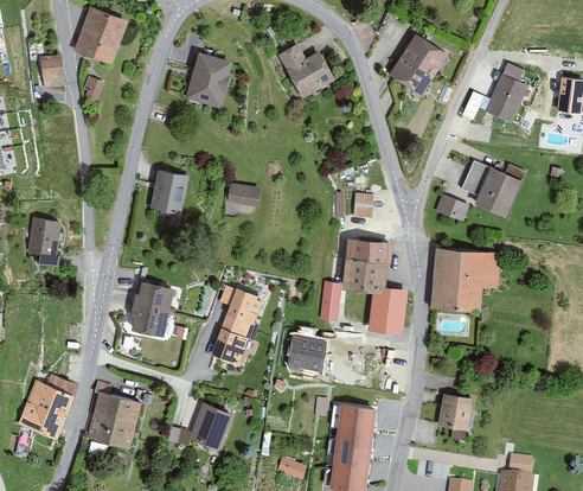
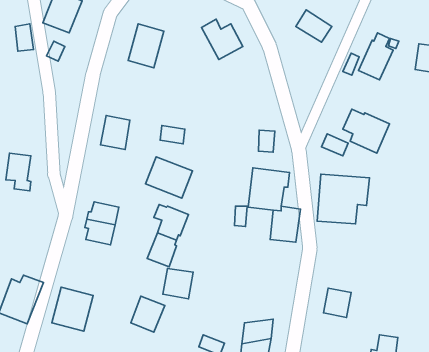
building: [389,55,435,95] -> none
building: none -> [145,157,192,198]
building: [288,334,327,374] -> [163,268,193,299]
building: [335,404,376,438] -> none

